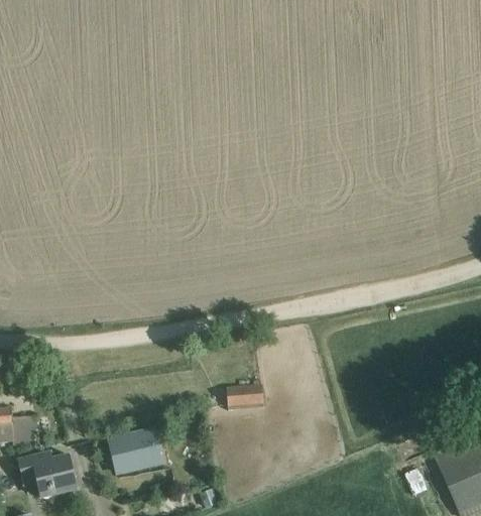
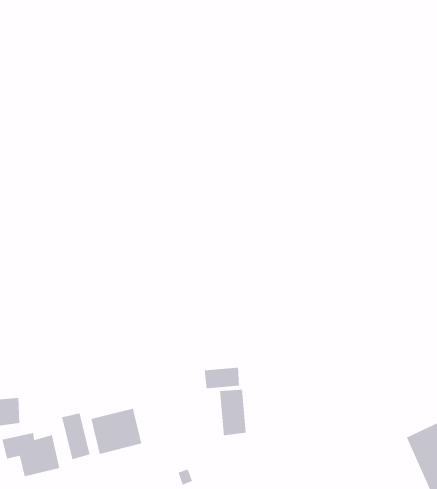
building: none -> [219,389,246,436]
building: none -> [61,413,91,460]

